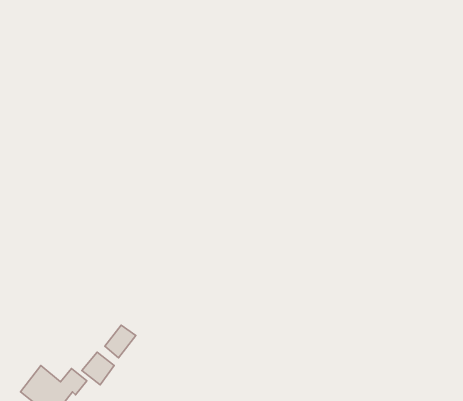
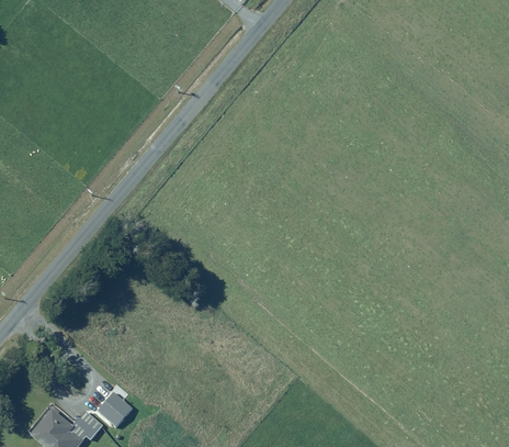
building: [105,325,136,358] -> none

